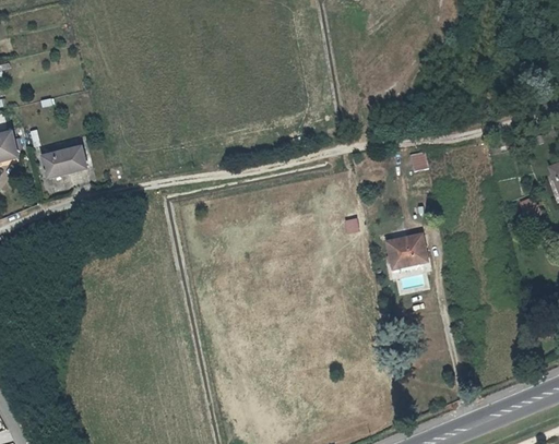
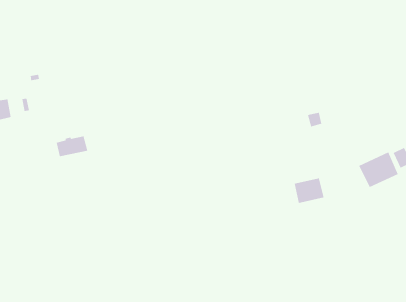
building: [44,147,86,175] -> [56,136,88,157]
building: none -> [359,151,399,188]

